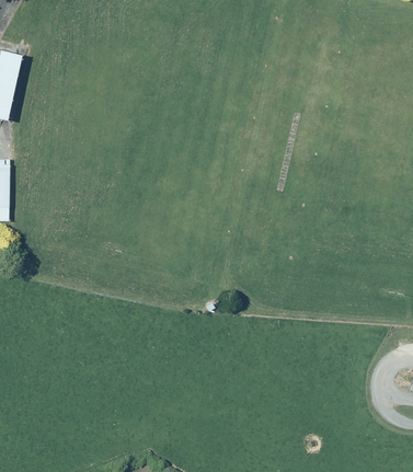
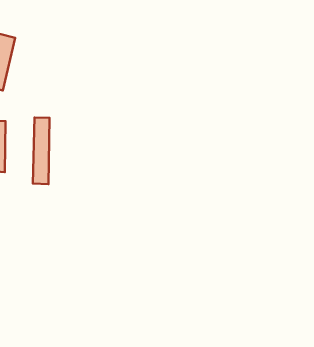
building: none -> [33,118,50,184]

